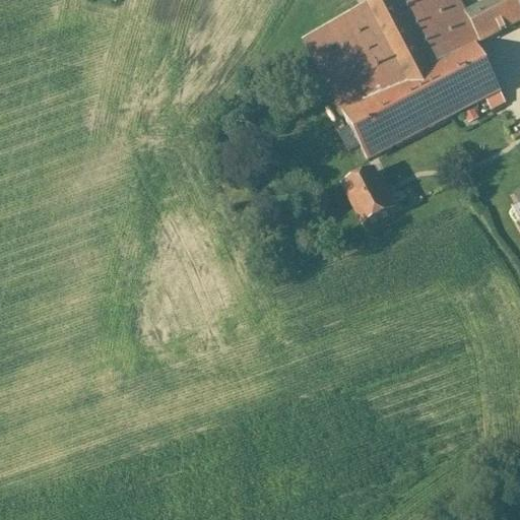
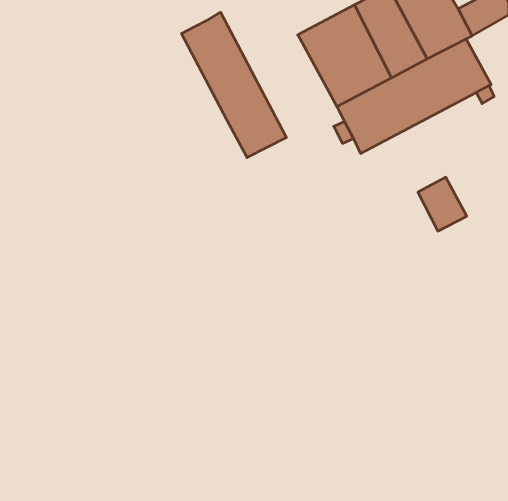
building: none -> [182,12,286,158]
building: [345,168,395,222] -> [418,177,467,231]

